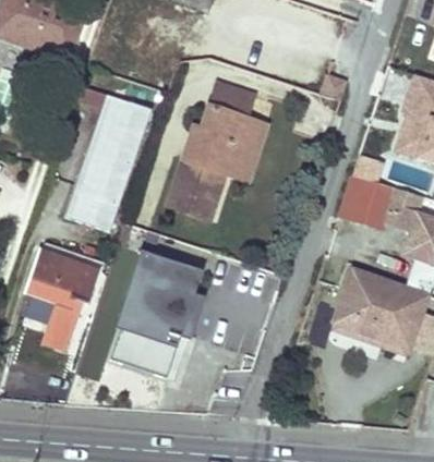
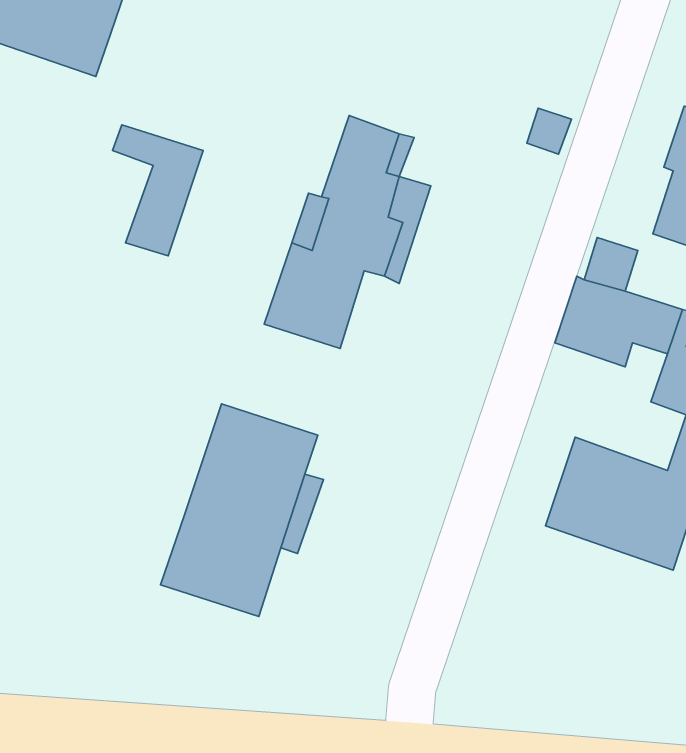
building: [67,101,152,230] -> none
building: [26,251,98,351] -> none

